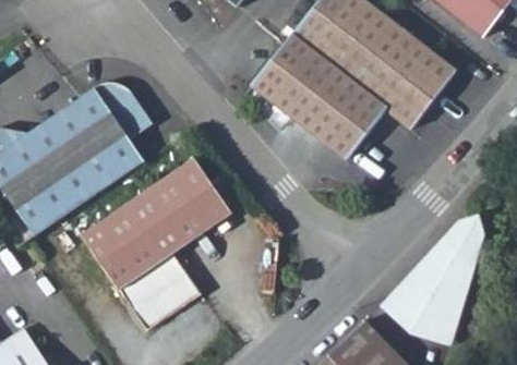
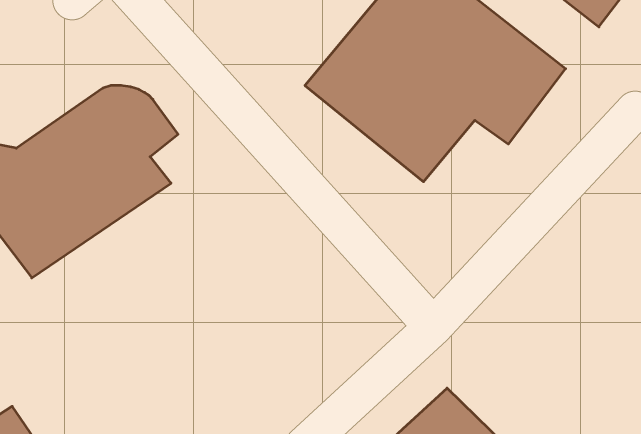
building: [82,156,232,328] -> none
building: [378,211,485,345] -> none

